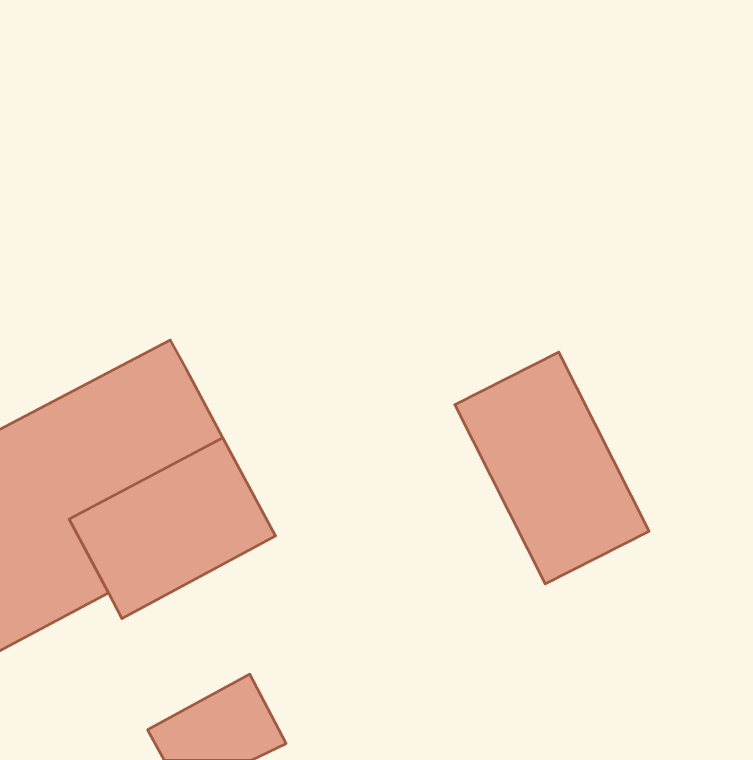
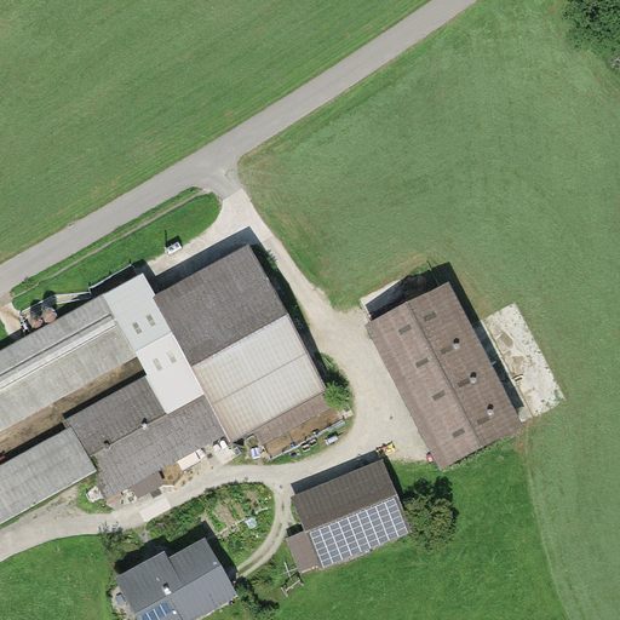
building: none -> [150,245,327,442]
building: none -> [288,458,411,569]

